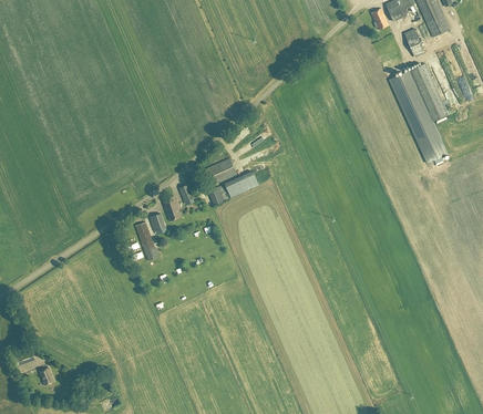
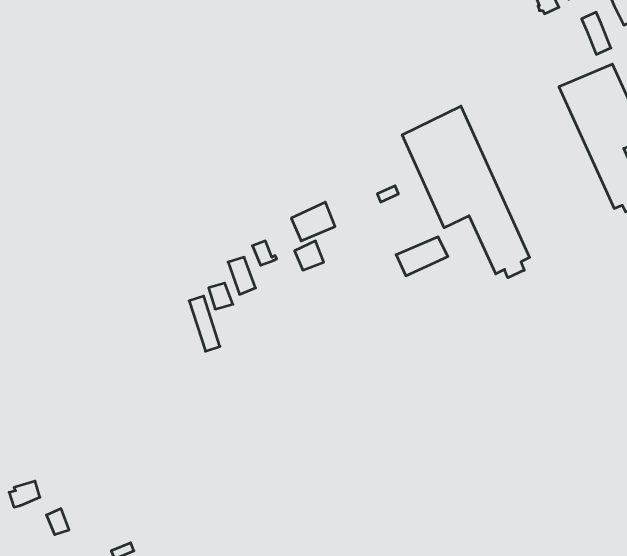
building: none -> [402,106,530,278]
building: [224,170,259,197] -> [396,237,448,276]

